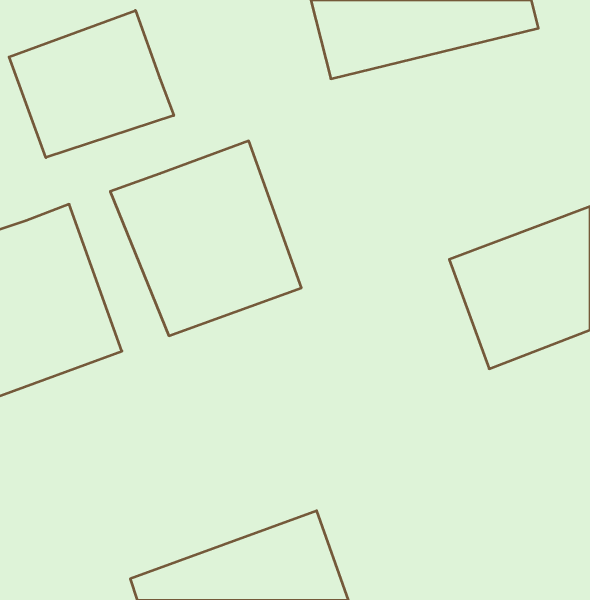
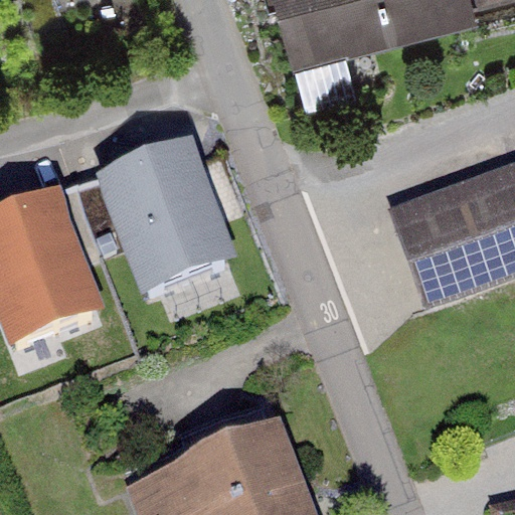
building: [9,10,174,158] -> none

